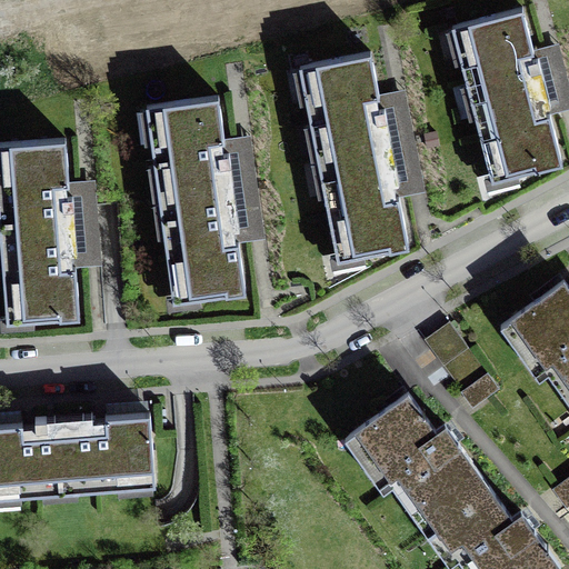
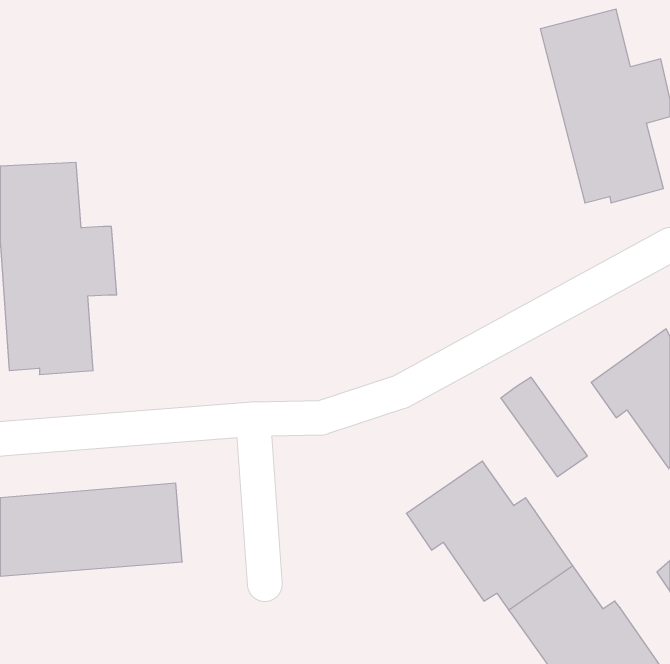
building: [305,56,421,257] -> none
building: [148,99,261,300] -> none

